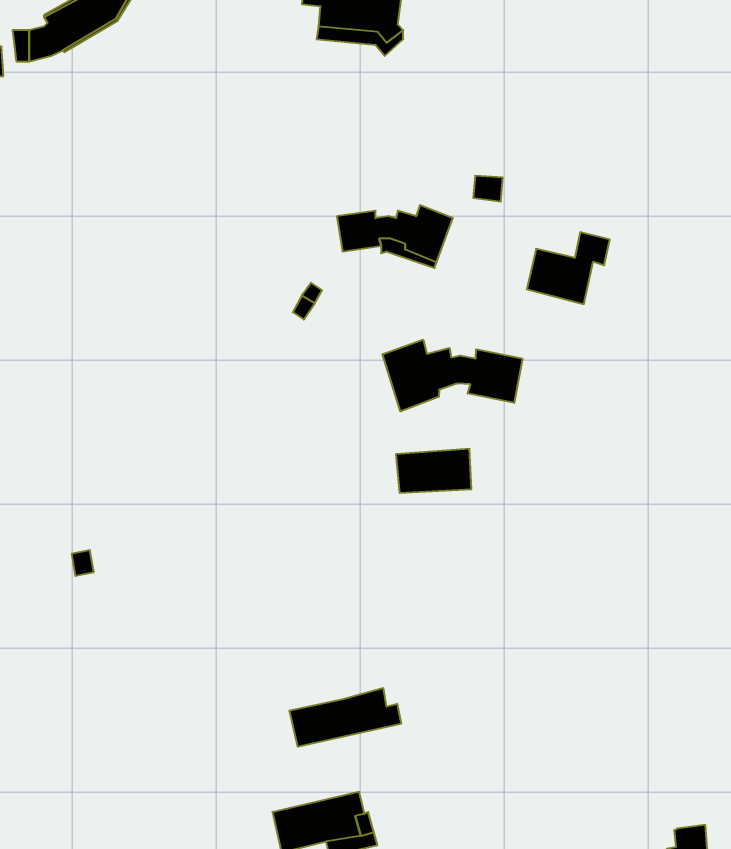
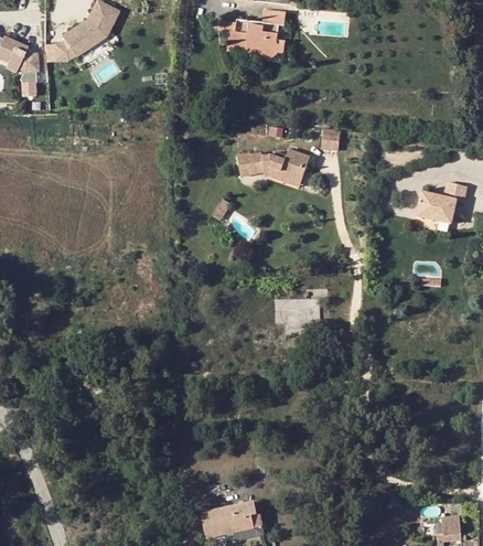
building: [527,232,610,304] -> [415,179,464,222]
building: [383,340,522,411] -> none
building: [290,688,401,747] -> none

